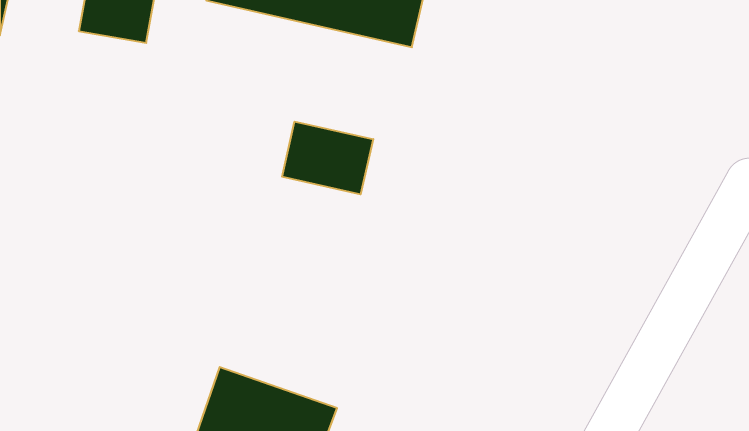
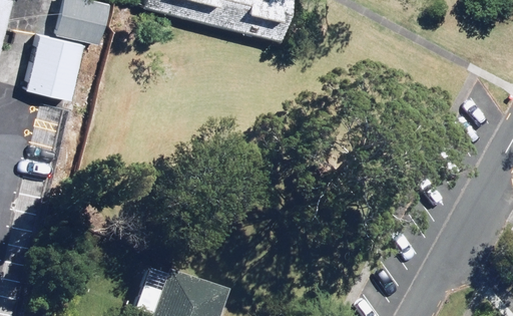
building: none -> [22,32,82,96]
building: [282,122,373,194] -> none

